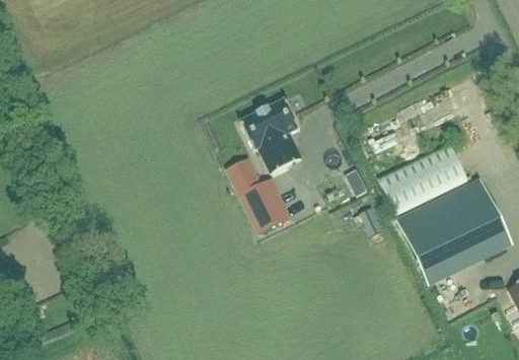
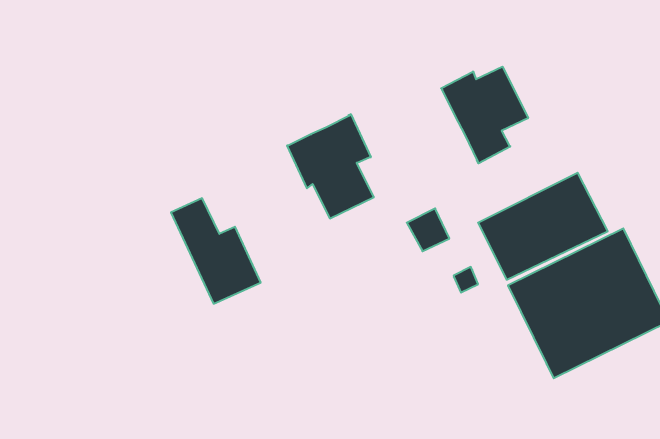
building: none -> [441,67,528,163]
building: [227,158,291,233] -> [171,198,261,304]

